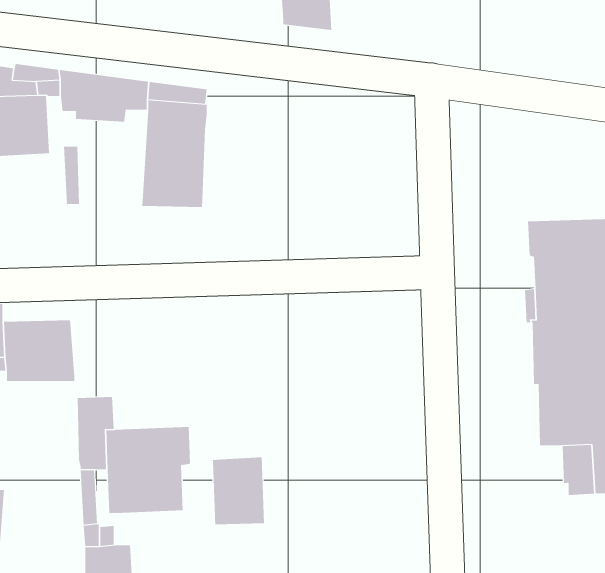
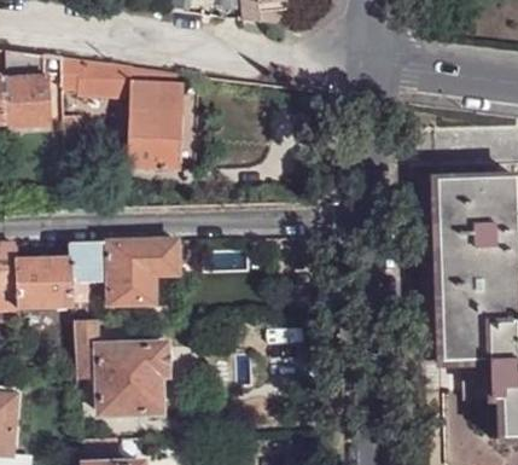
building: none -> [109,240,179,304]
building: none -> [70,243,104,304]
building: [212,456,265,525] -> none

